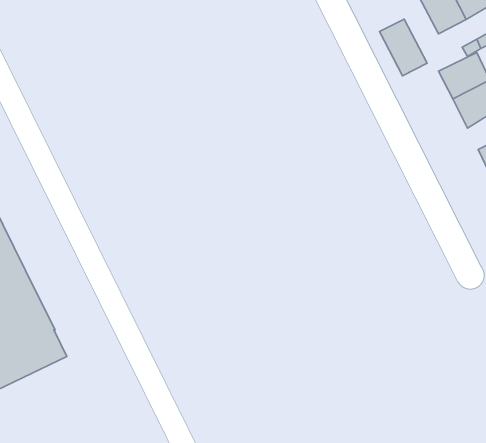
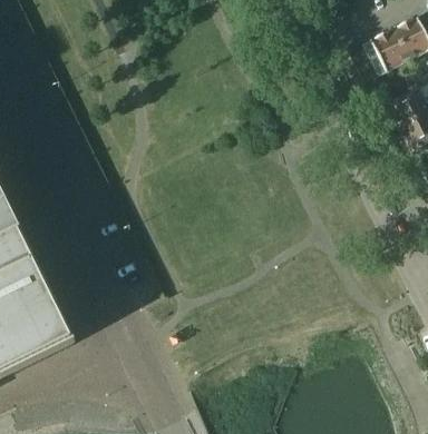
building: [380,19,427,76] -> none

